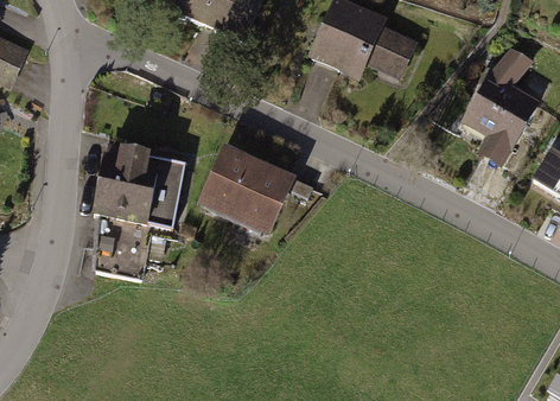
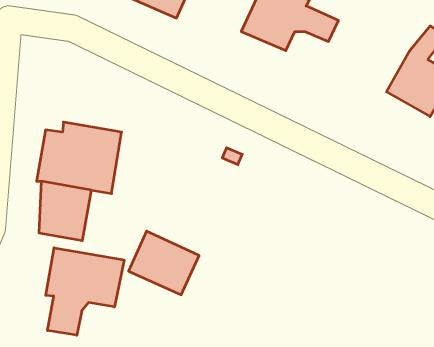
building: [209,157,284,224] -> [129,231,199,295]
building: none -> [46,248,124,335]

